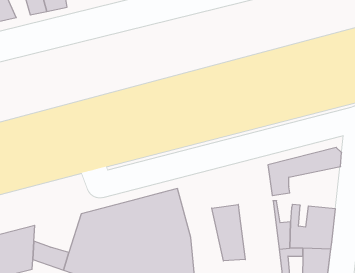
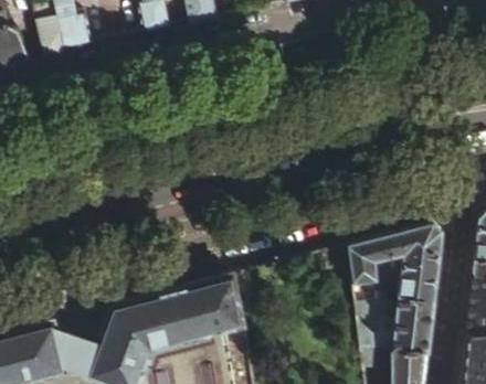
building: none -> [373,248,439,301]
building: [212,204,245,261] -> none

